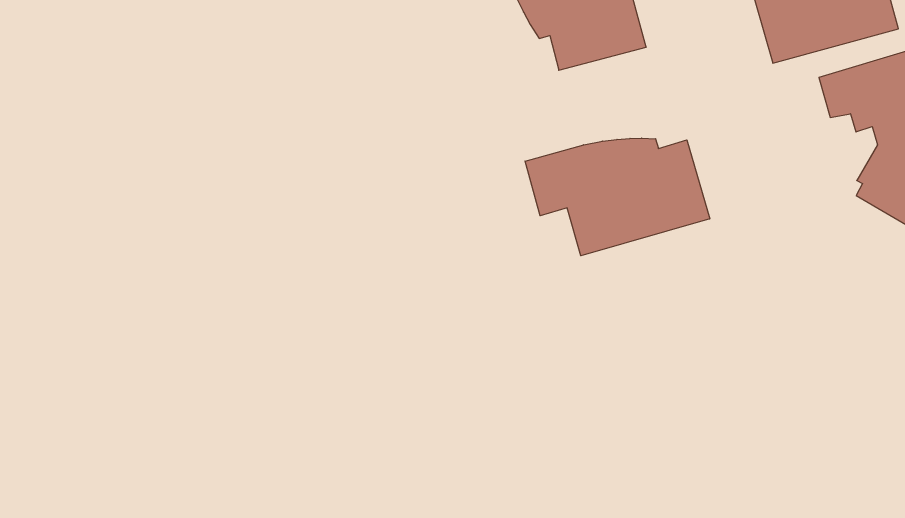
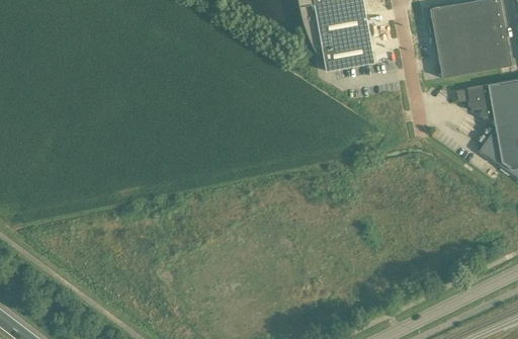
building: [525,138,710,256] -> none

